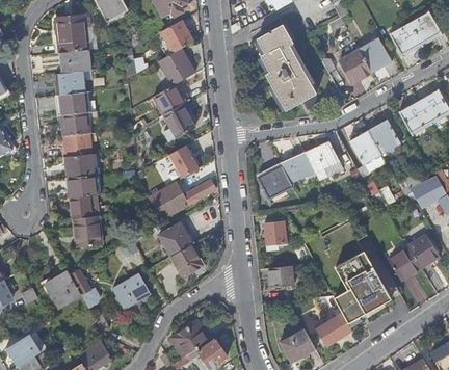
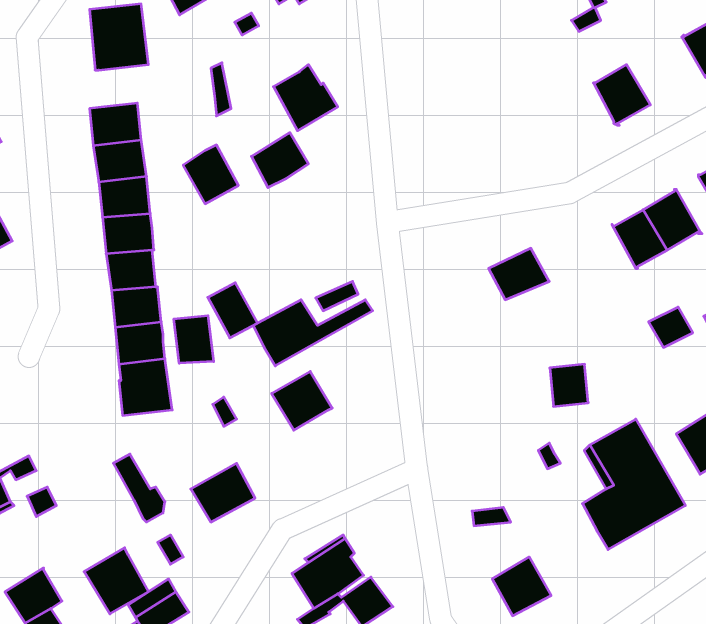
building: [160,20,193,53] -> none
building: [259,24,319,110] -> none
building: [359,37,392,72] -> none
building: [60,49,90,73] -> none
building: [166,102,197,135] -> [183,145,238,204]
building: [305,141,343,180] -> none
building: [168,146,196,177] -> [208,283,257,338]
building: [258,162,292,197] -> none
building: none -> [174,316,214,363]
building: [264,220,286,244] -> [550,364,588,406]
building: [170,244,203,276] -> none
building: [268,265,293,286] -> none
building: [44,270,80,308] -> [84,548,148,614]
building: [316,313,352,345] -> none

